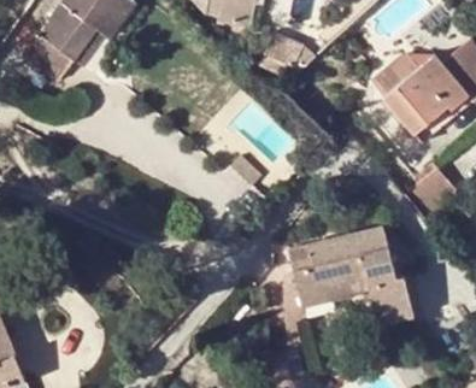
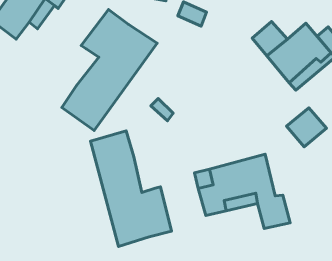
building: none -> [62,9,157,131]
building: none -> [90,131,171,247]

